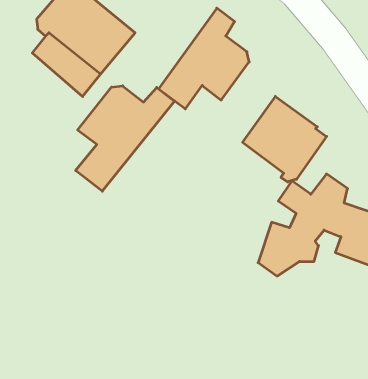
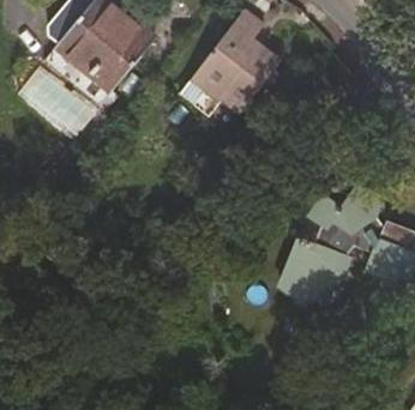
building: [76,86,175,191] -> none
building: [243,96,327,182] -> none

